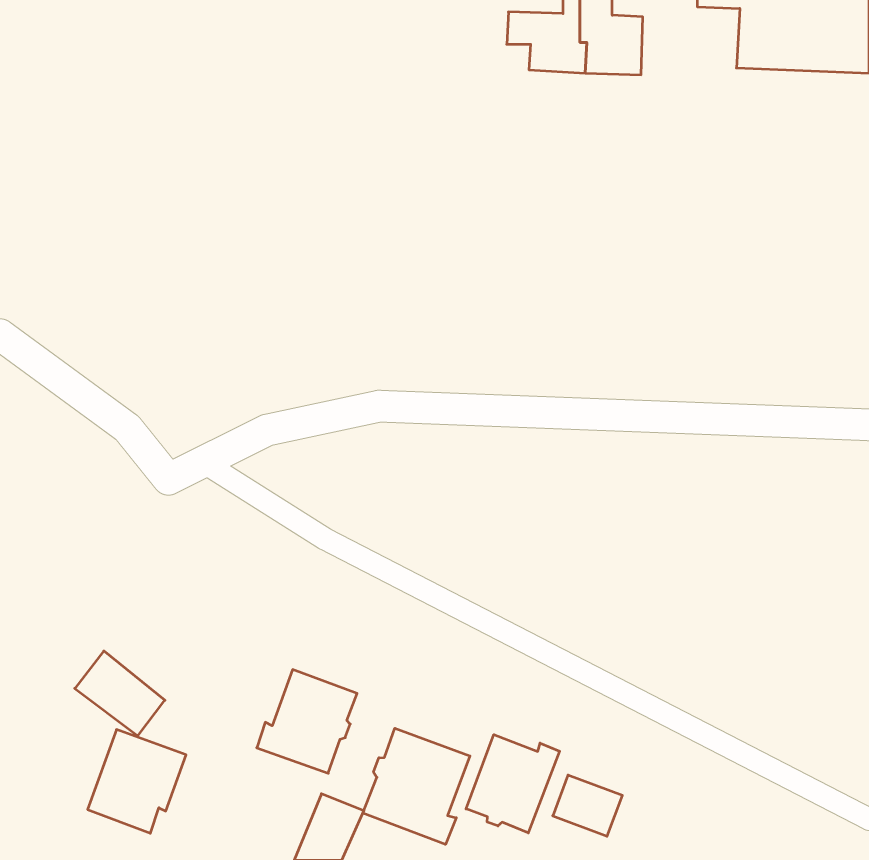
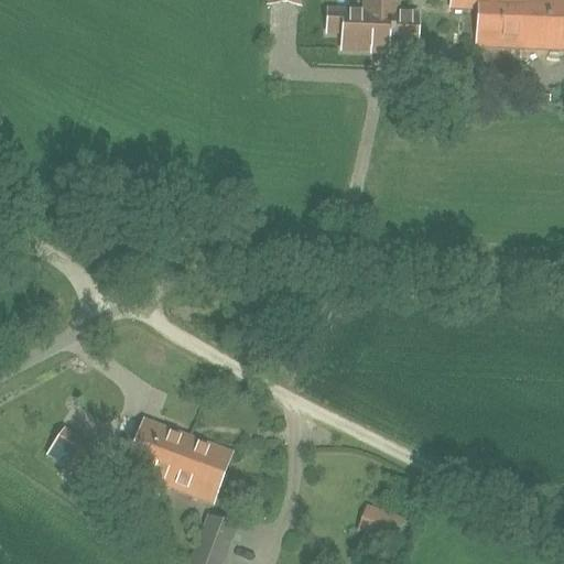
building: [363,728,470,844] -> none
building: [88,730,186,833] -> [126,417,189,485]
building: [466,735,560,833] -> none

